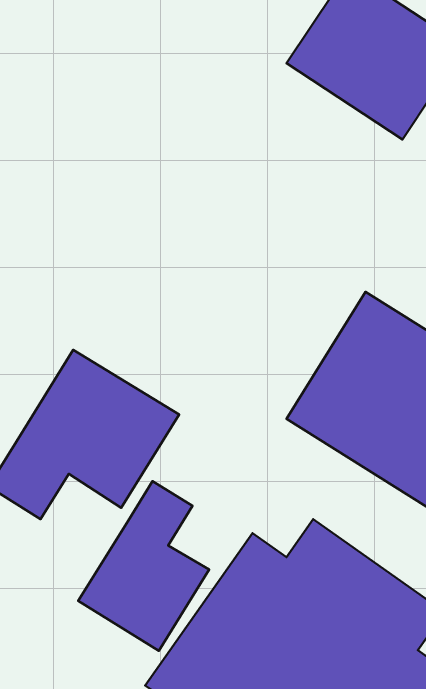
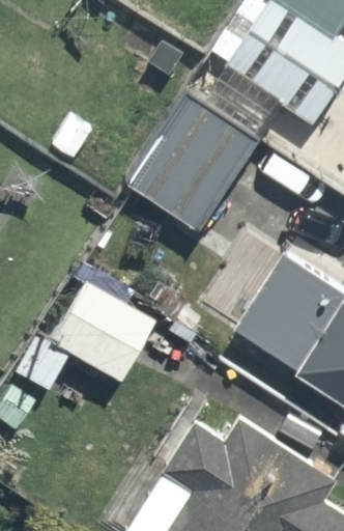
building: none -> [123,88,271,240]
building: [78,481,209,651] -> none

